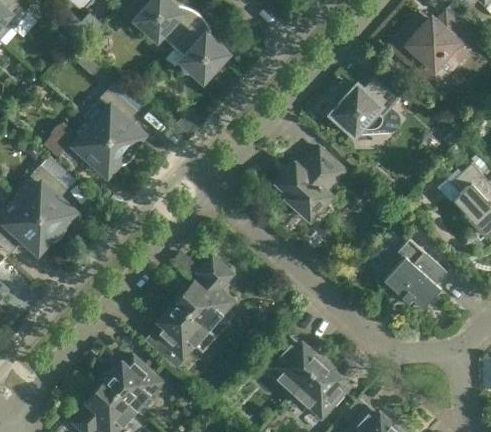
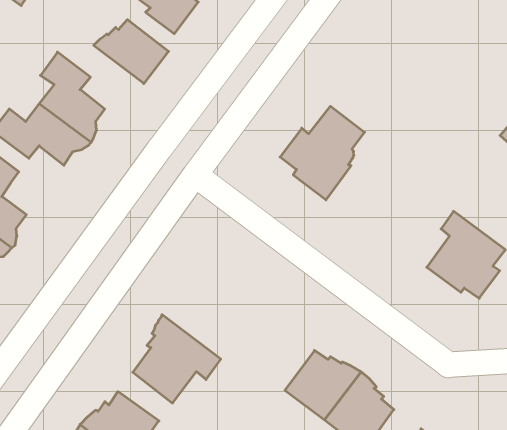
building: none -> [94,20,169,84]
building: [330,77,400,136] -> none
building: [172,256,234,338] -> none

